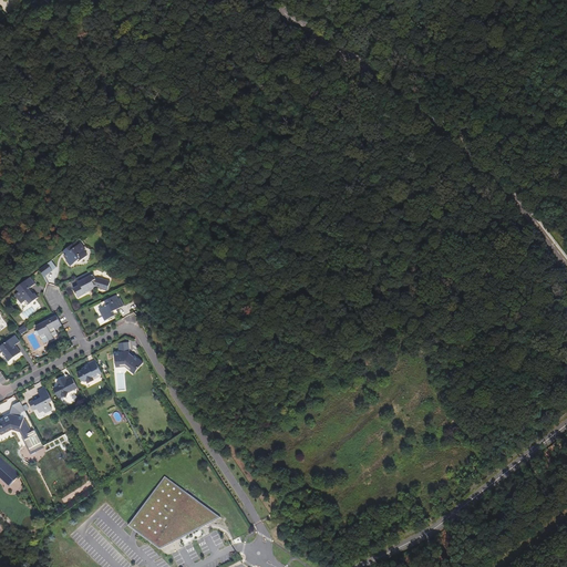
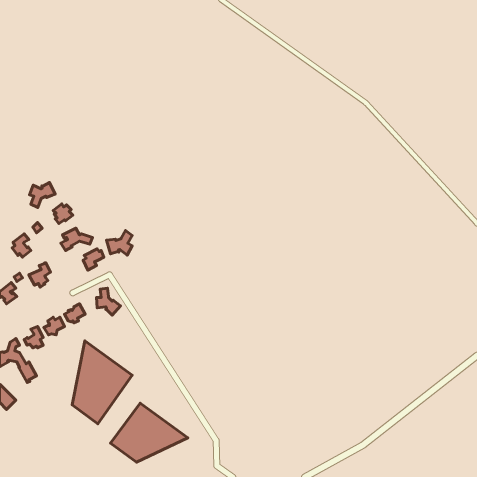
building: none -> [29,183,55,207]
building: none -> [106,231,132,255]
building: none -> [72,341,132,424]

